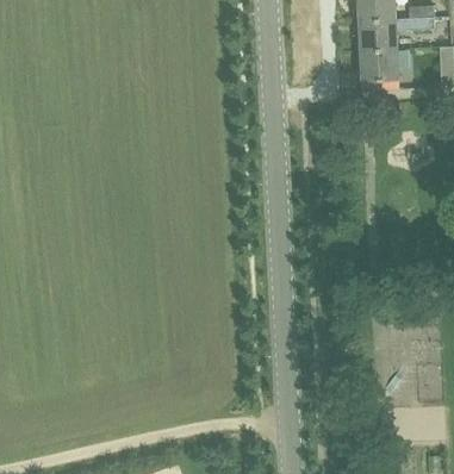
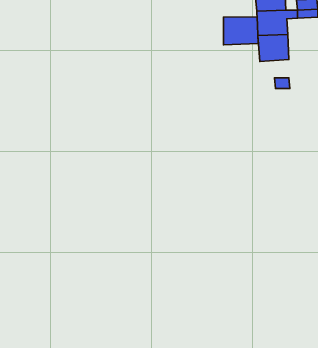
building: none -> [223,17,258,45]

